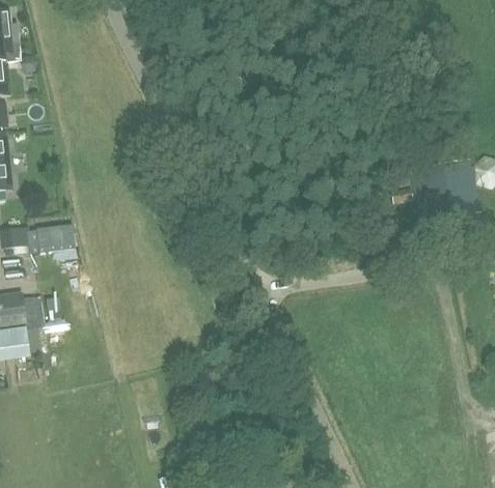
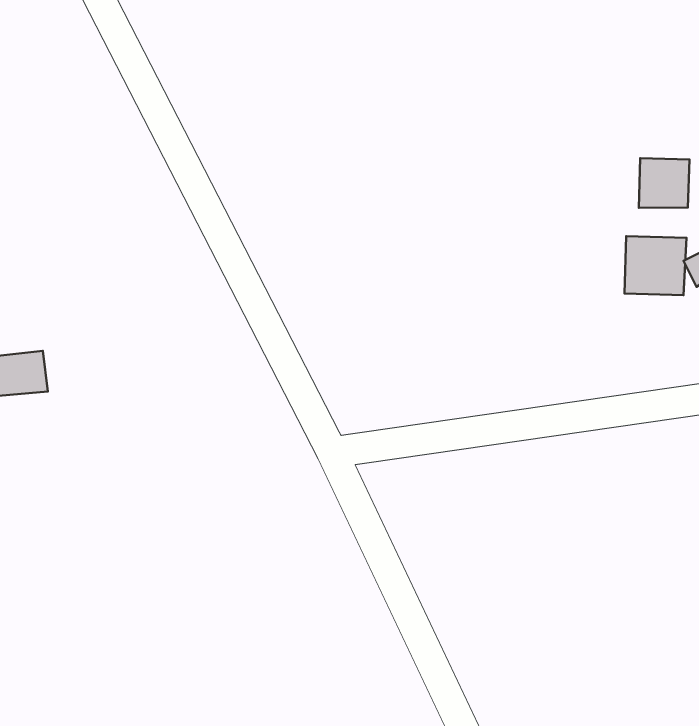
building: none -> [639,158,689,208]

